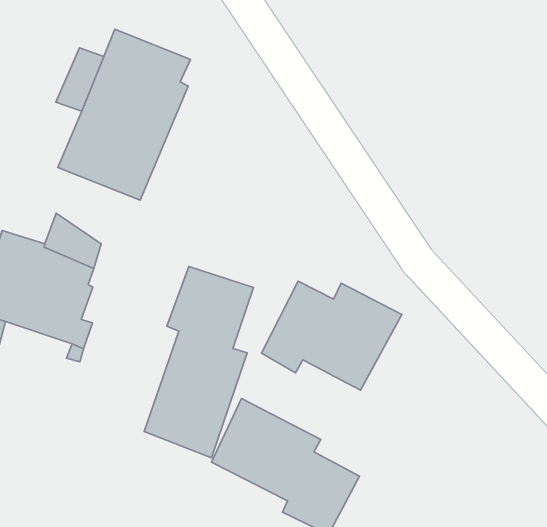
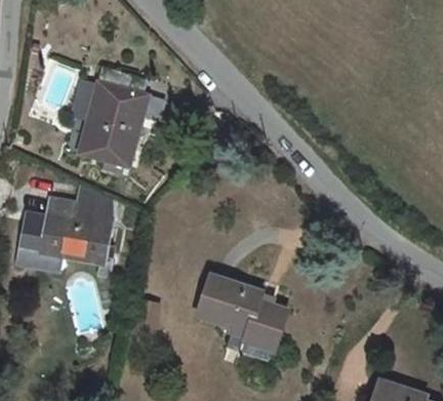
building: [144,266,253,458] -> none
building: [261,281,402,390] -> none

